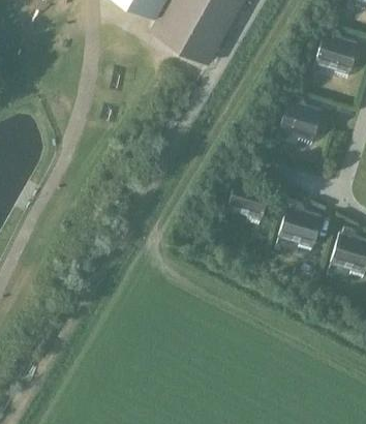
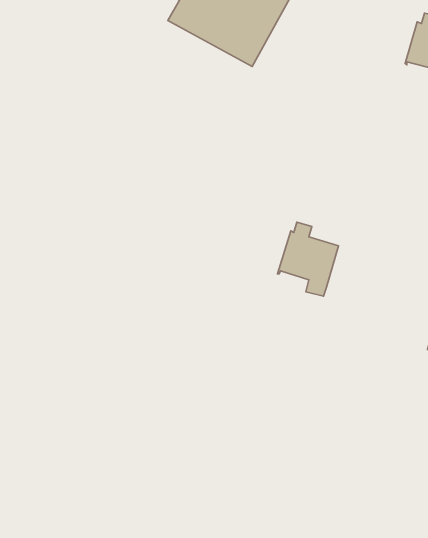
building: [279,95,322,148] -> none
building: [278,202,322,253] -> none

